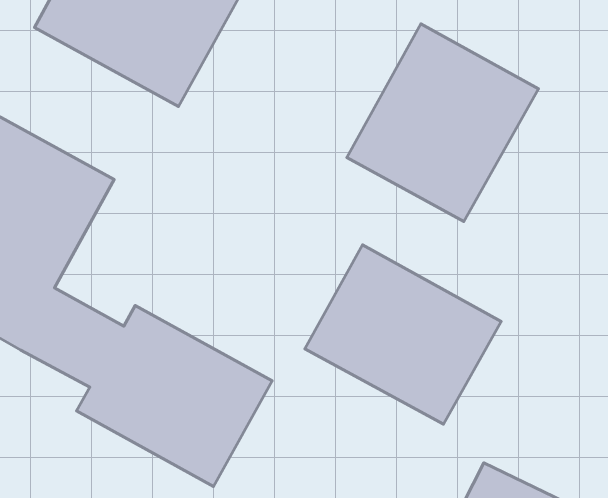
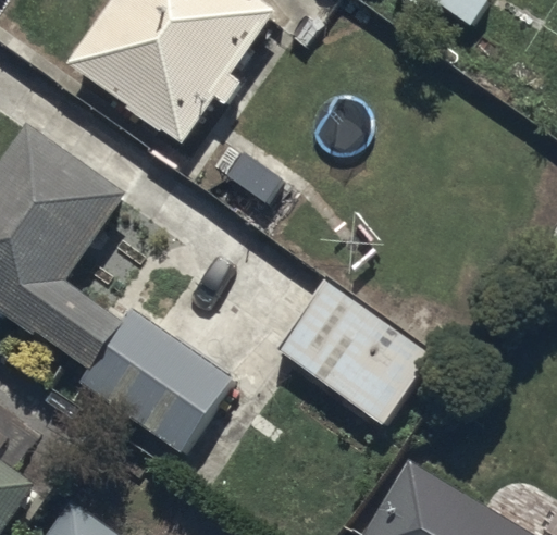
building: [347,24,539,222] -> none

